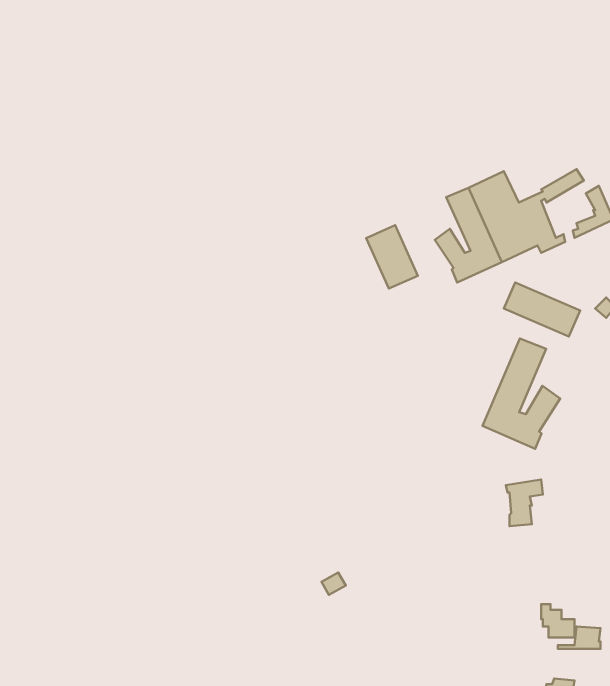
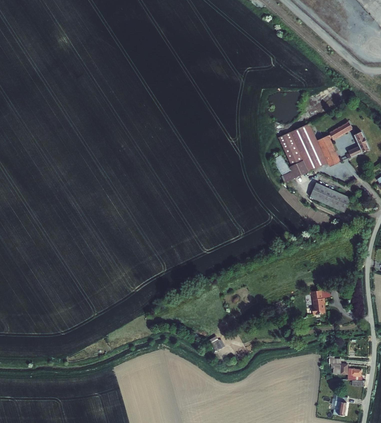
building: [366,225,418,289] -> none
building: [482,338,560,449] -> none

